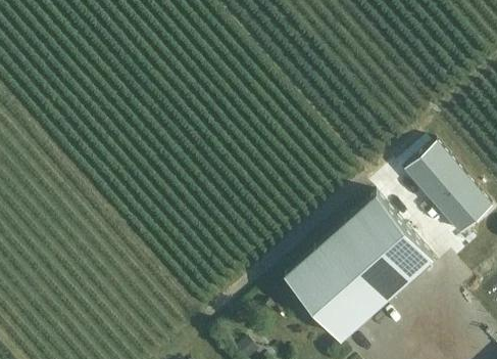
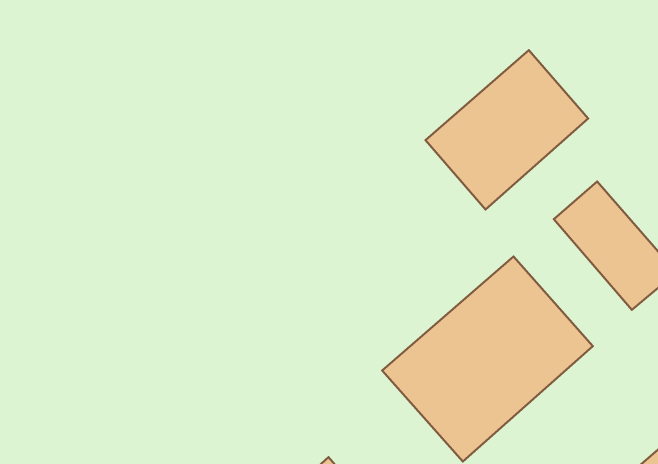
building: none -> [425,50,588,209]

